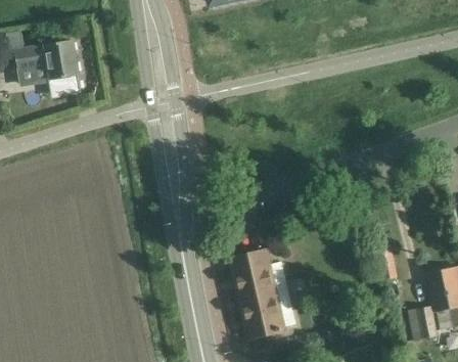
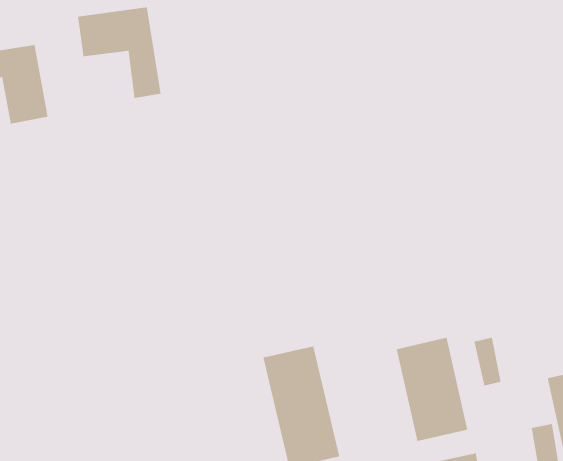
building: none -> [77,6,162,99]
building: none -> [396,337,468,442]

